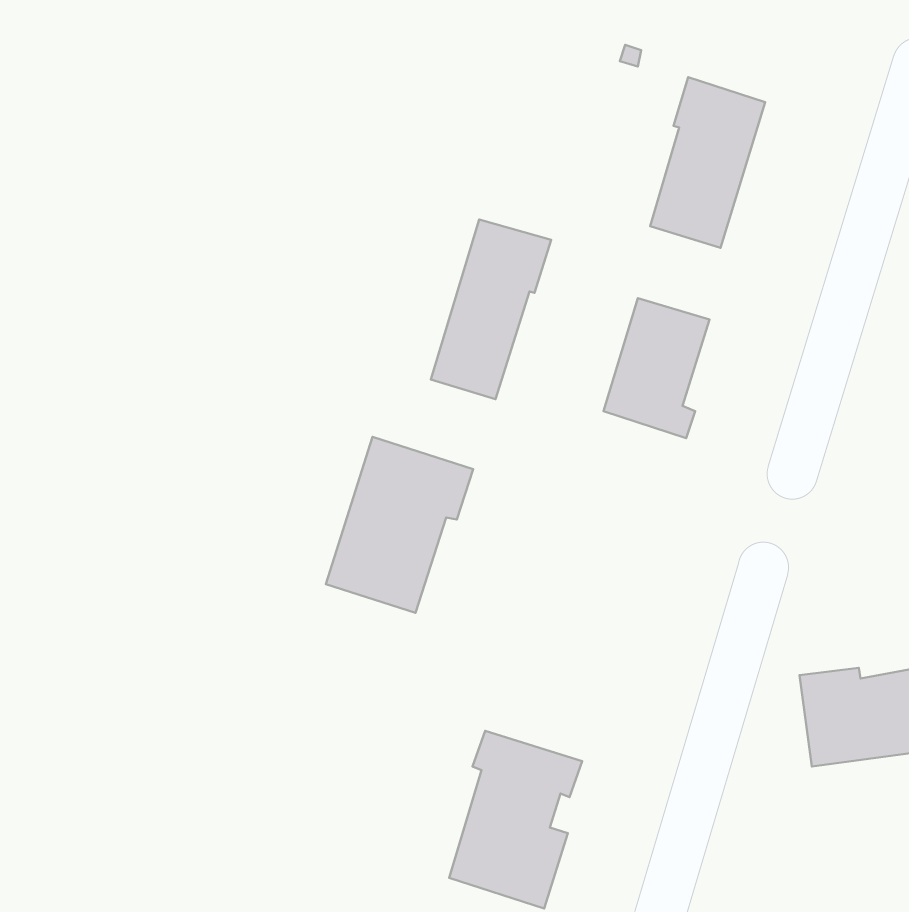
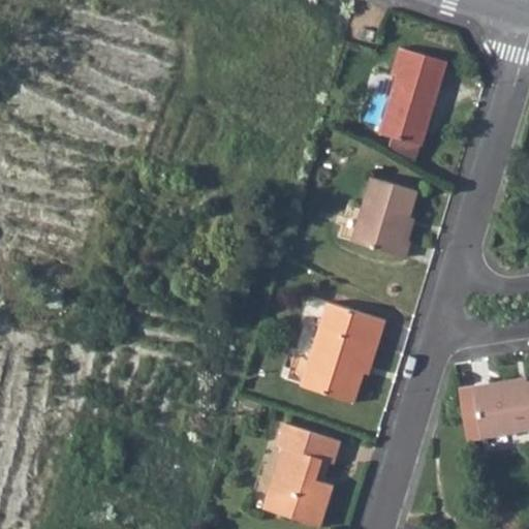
building: [431,219,551,399] -> none
building: [326,437,473,613] -> [300,300,384,401]

